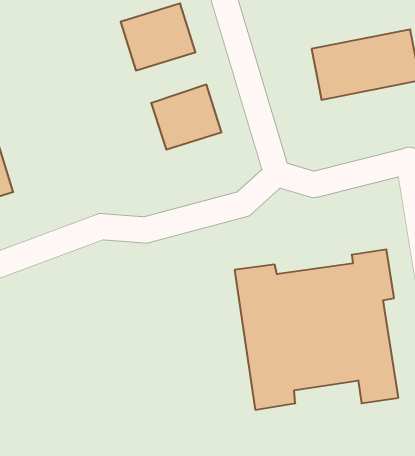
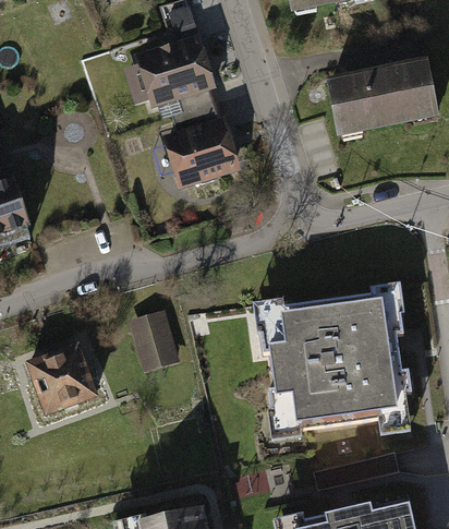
building: none -> [129,306,179,370]
building: none -> [26,344,93,409]

